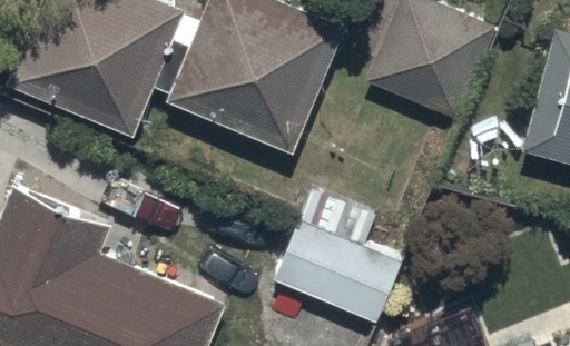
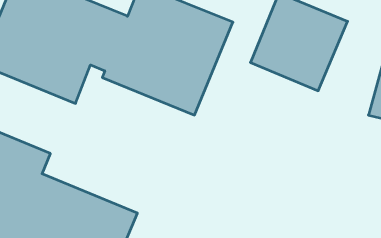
building: [268,209,397,313] -> none

